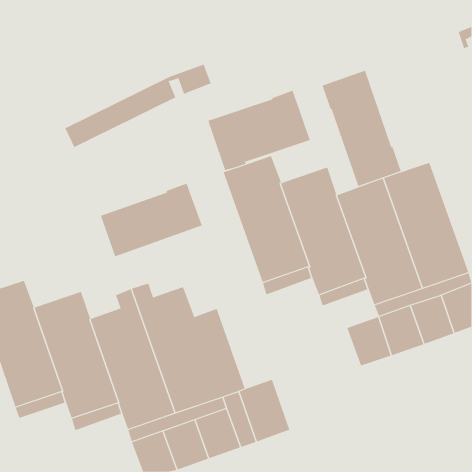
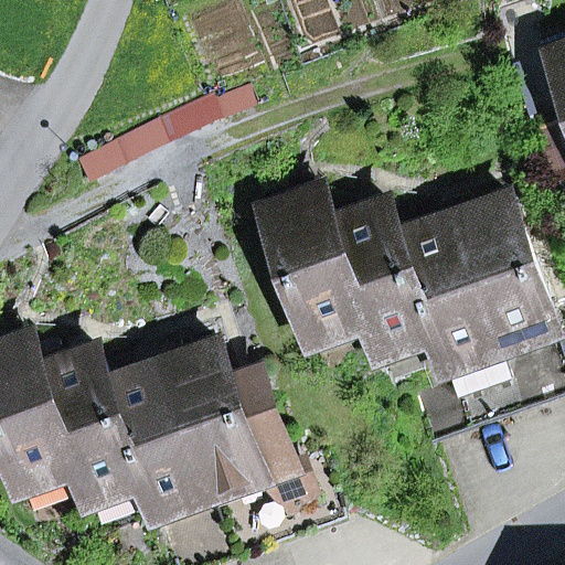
building: [322,70,401,186] -> none
building: [207,90,310,171] -> none
building: [100,183,202,257] -> none

